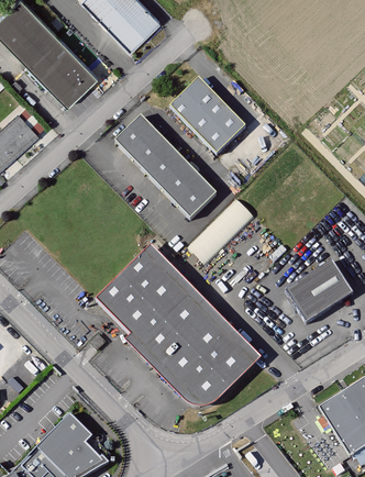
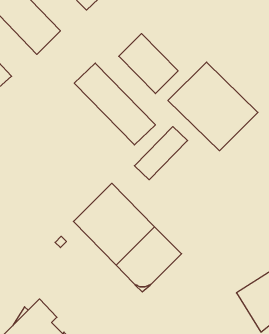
building: none -> [168,62,258,151]
building: [96,251,162,317] -> none
building: [285,259,353,323] -> none

